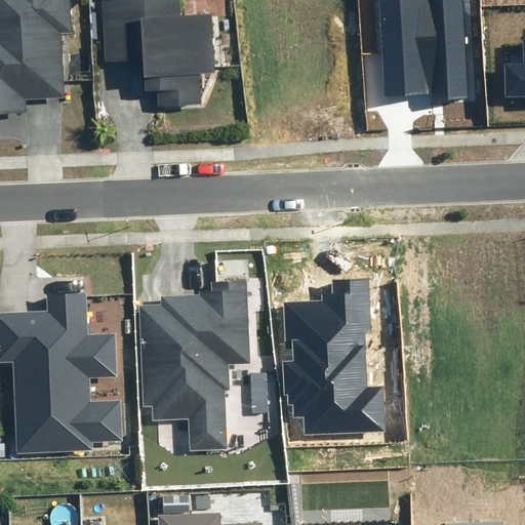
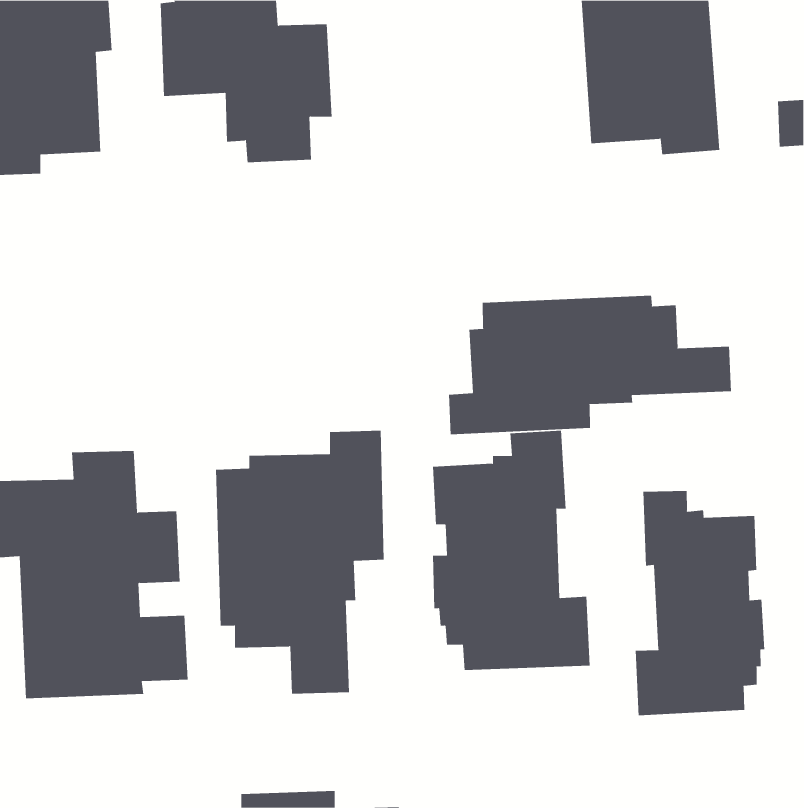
building: none -> [449,295,732,435]
building: none -> [635,490,765,716]

